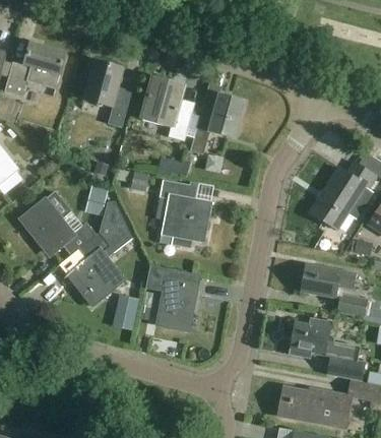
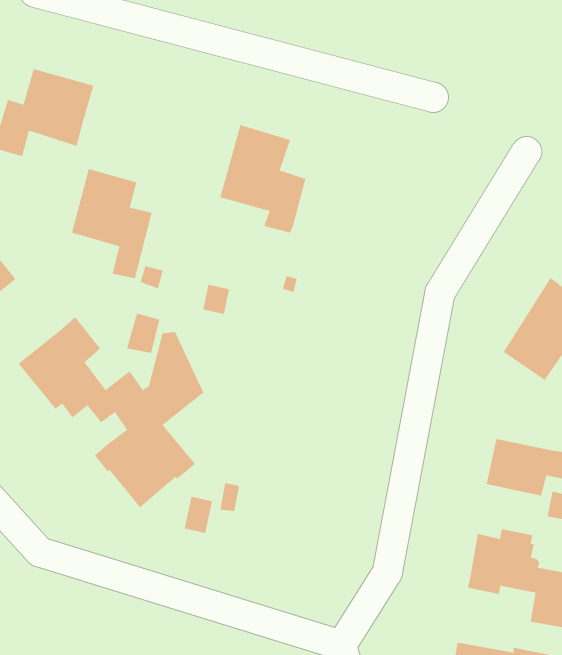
building: [83,61,132,127] -> [71,168,152,279]
building: [190,95,244,153] -> none
building: [160,179,211,247] -> none
building: [145,264,195,330] -> none

